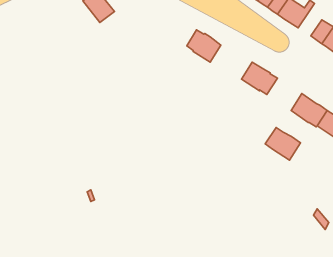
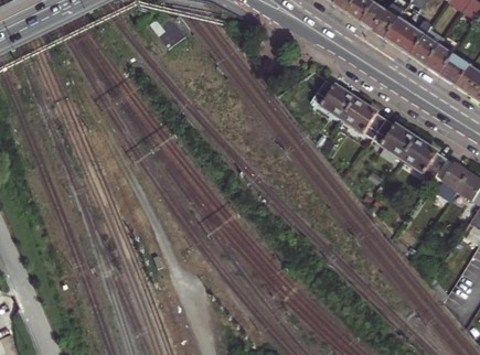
building: none -> [410,35,439,65]
building: [187,30,221,62] -> [312,78,354,118]
building: [265,128,300,160] -> [372,117,415,157]

